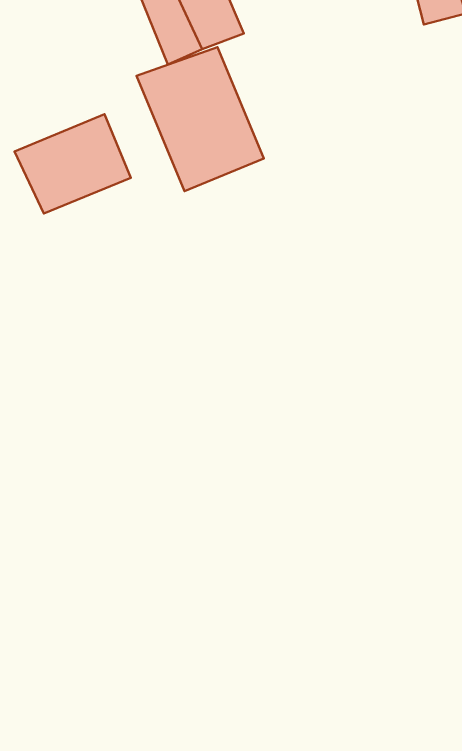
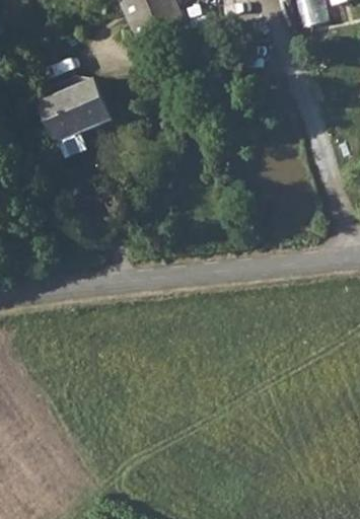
building: [137,47,264,191] -> none

